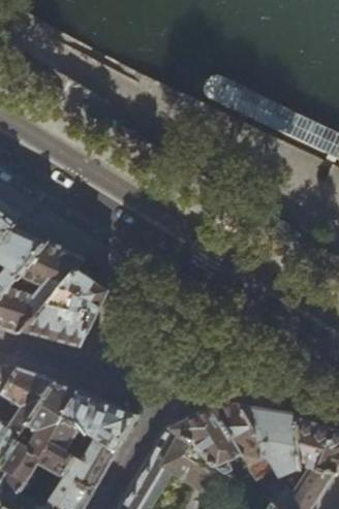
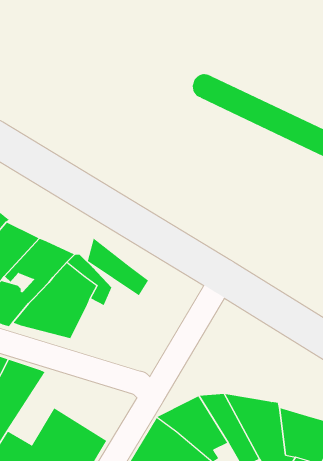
building: none -> [87,238,149,296]
building: [12,382,135,456] -> none

